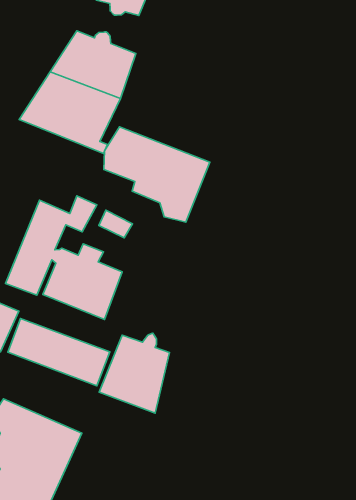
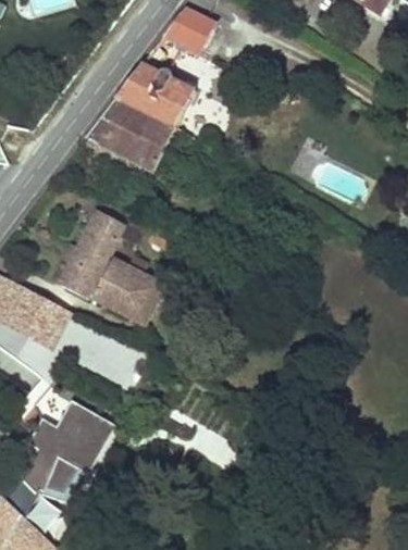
building: [104,127,210,222] -> none
building: [99,333,169,413] -> none

